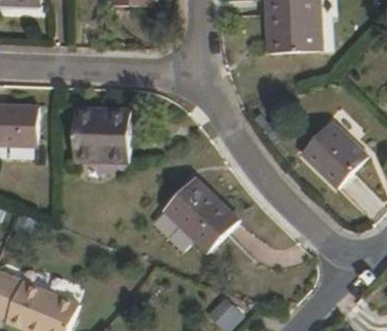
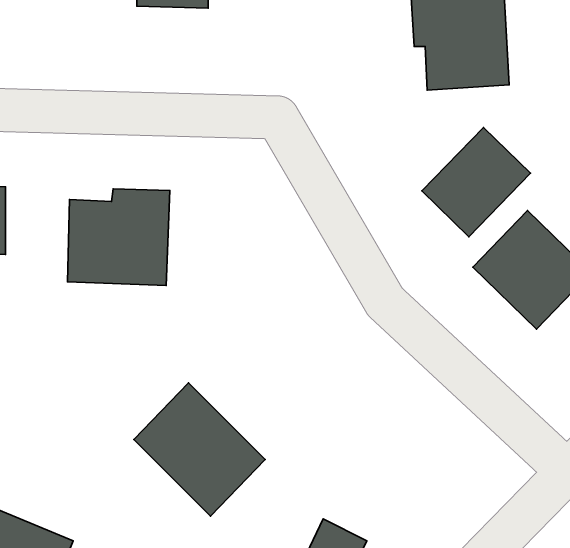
building: none -> [422,127,531,237]
building: [164,177,238,252] -> [134,383,265,516]

